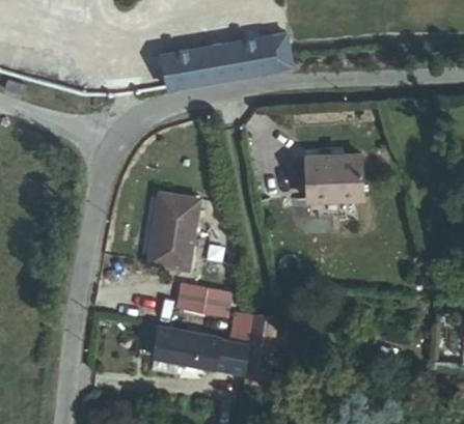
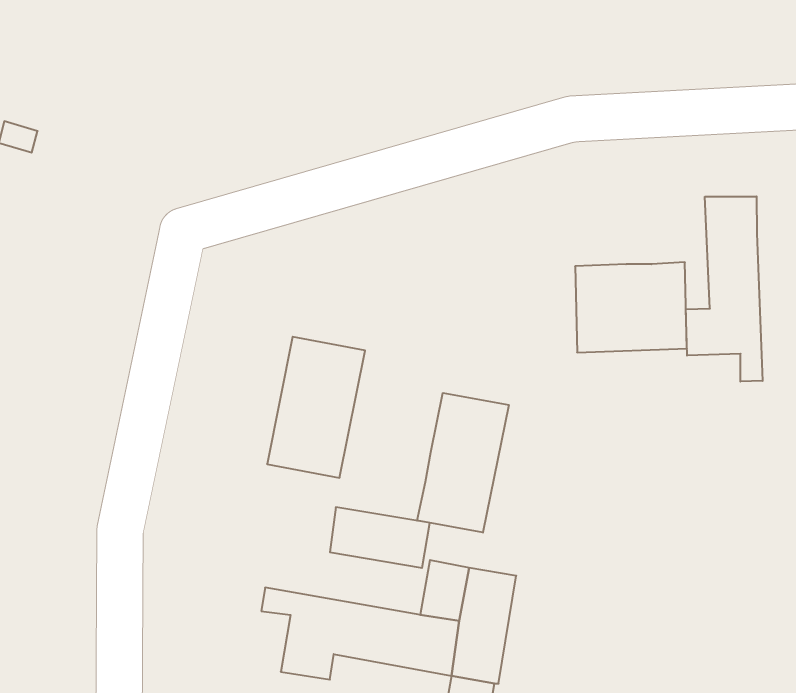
building: [159,33,289,86] -> none
building: none -> [686,196,763,382]
building: none -> [417,393,509,533]

